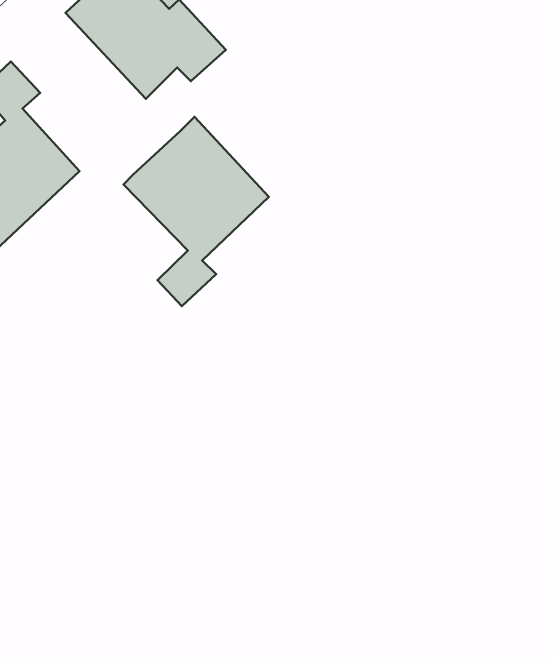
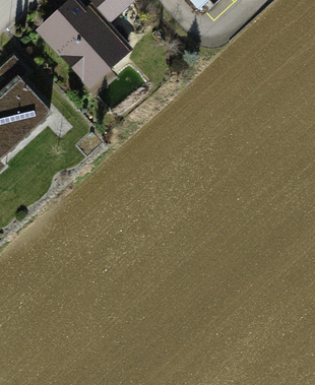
building: [124,117,269,306] -> none

